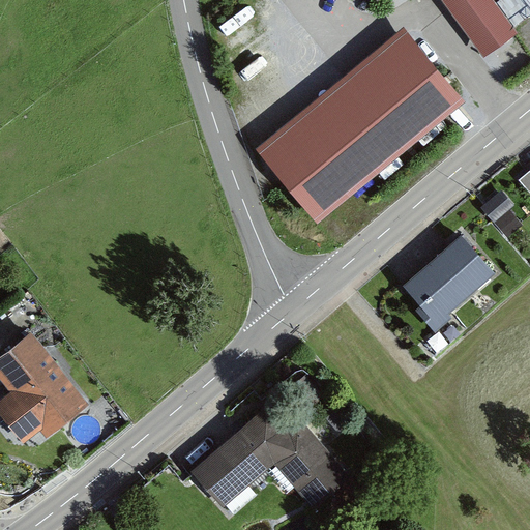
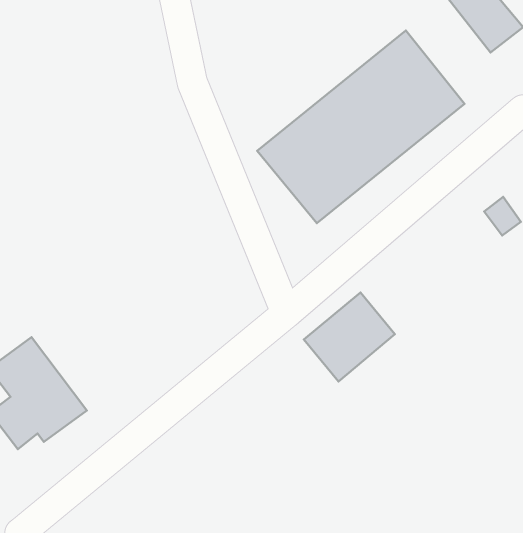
building: [404,236,494,324] -> [304,292,395,381]
building: [193,401,346,514] -> none

